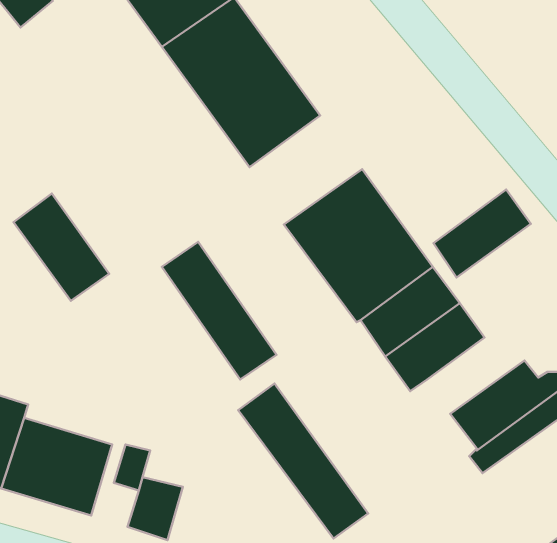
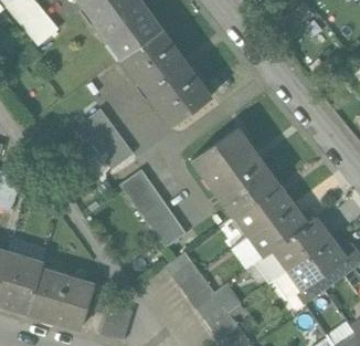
building: [434,189,531,277] -> [274,218,330,269]
building: [14,194,109,301] -> [80,108,135,170]

